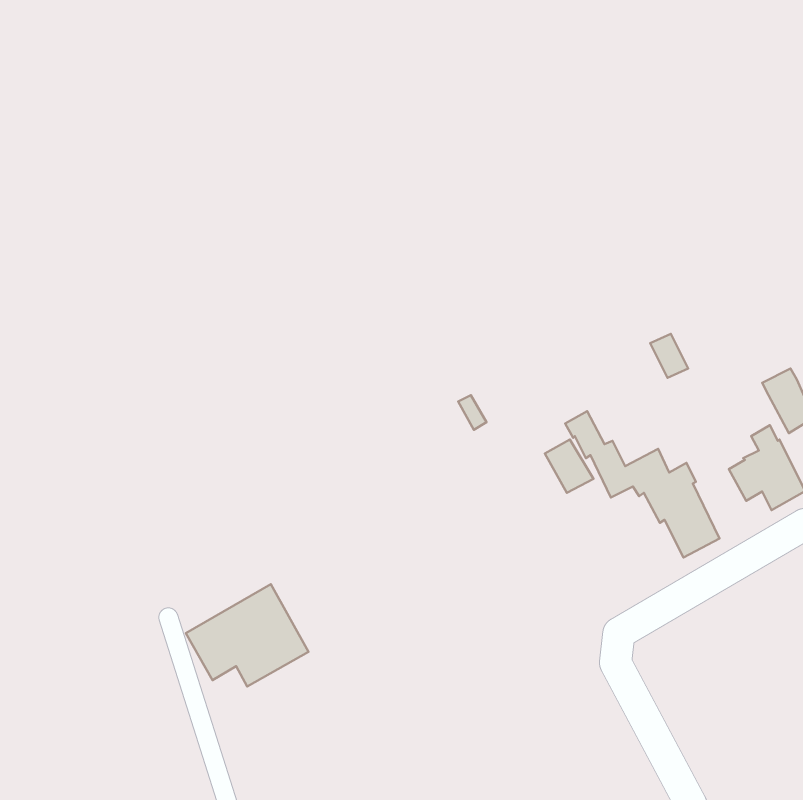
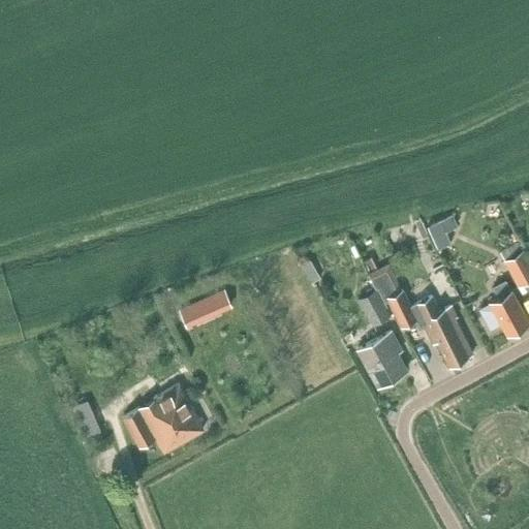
building: none -> [181,292,231,328]
building: none -> [359,333,408,388]
building: none -> [70,403,100,441]

